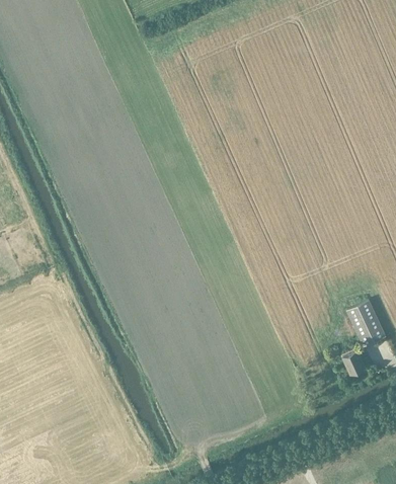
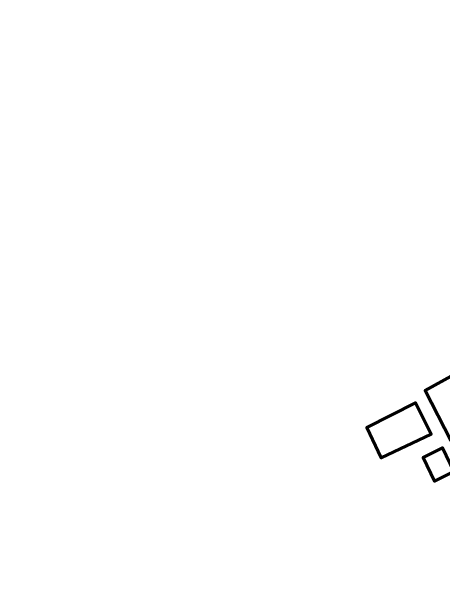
building: none -> [367,403,431,458]

